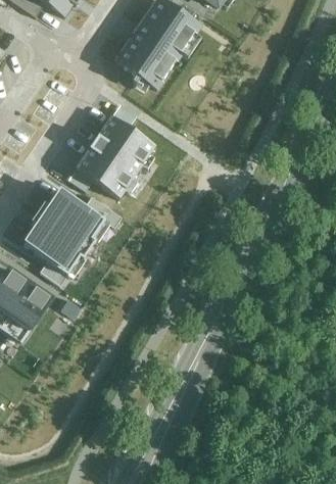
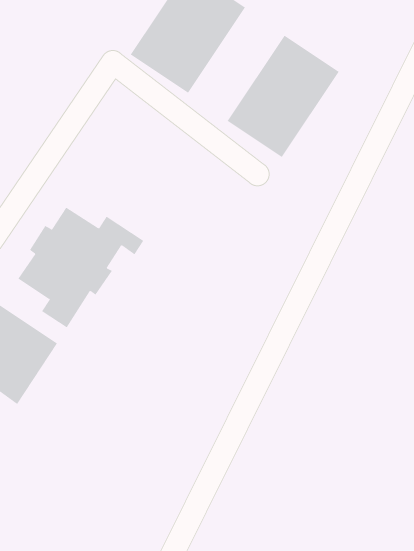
building: none -> [227,35,339,158]
building: [78,112,154,192] -> none

